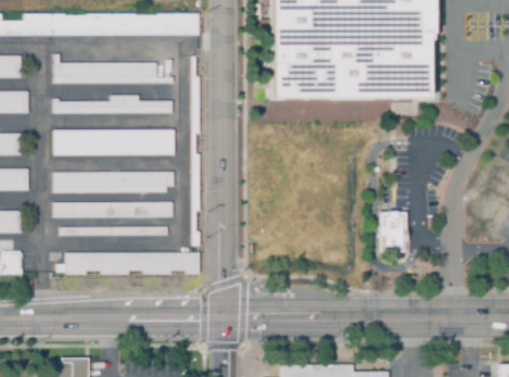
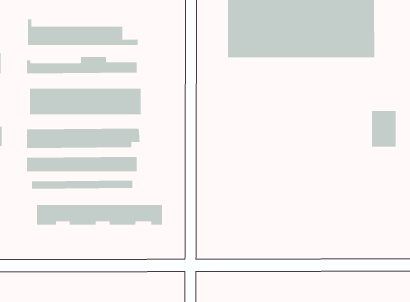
building: [380,210,407,249] -> [371,110,397,147]

